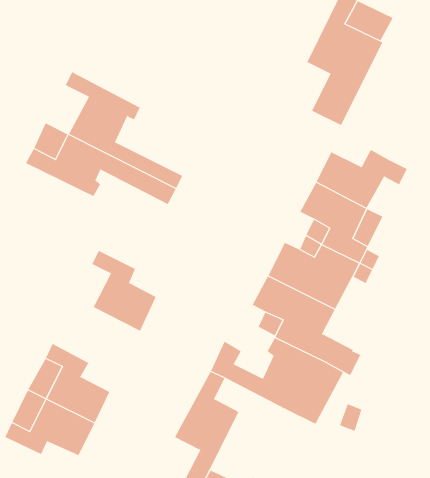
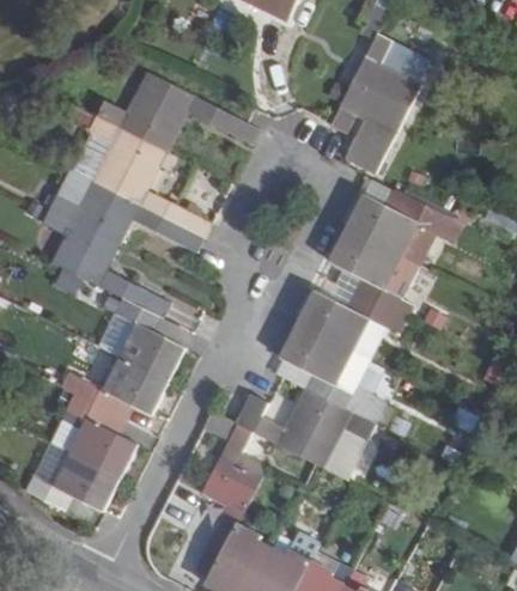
building: none -> [96,73,257,153]
building: none -> [39,211,170,319]
building: none -> [75,359,166,416]

